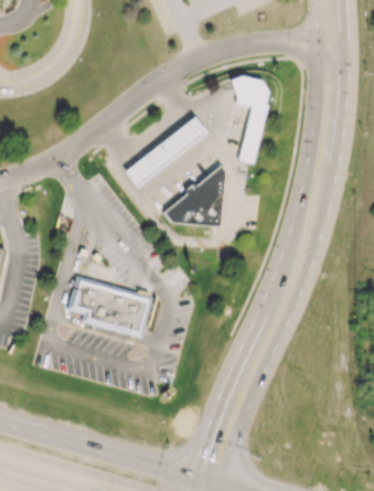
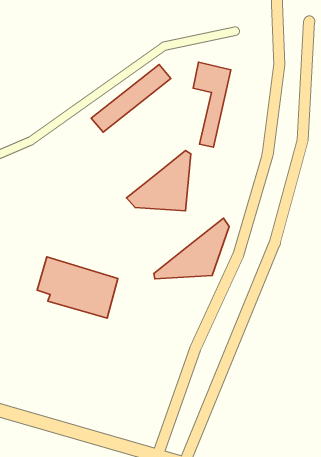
building: [126,117,207,186] -> [91,65,171,132]
building: none -> [154,218,229,279]

